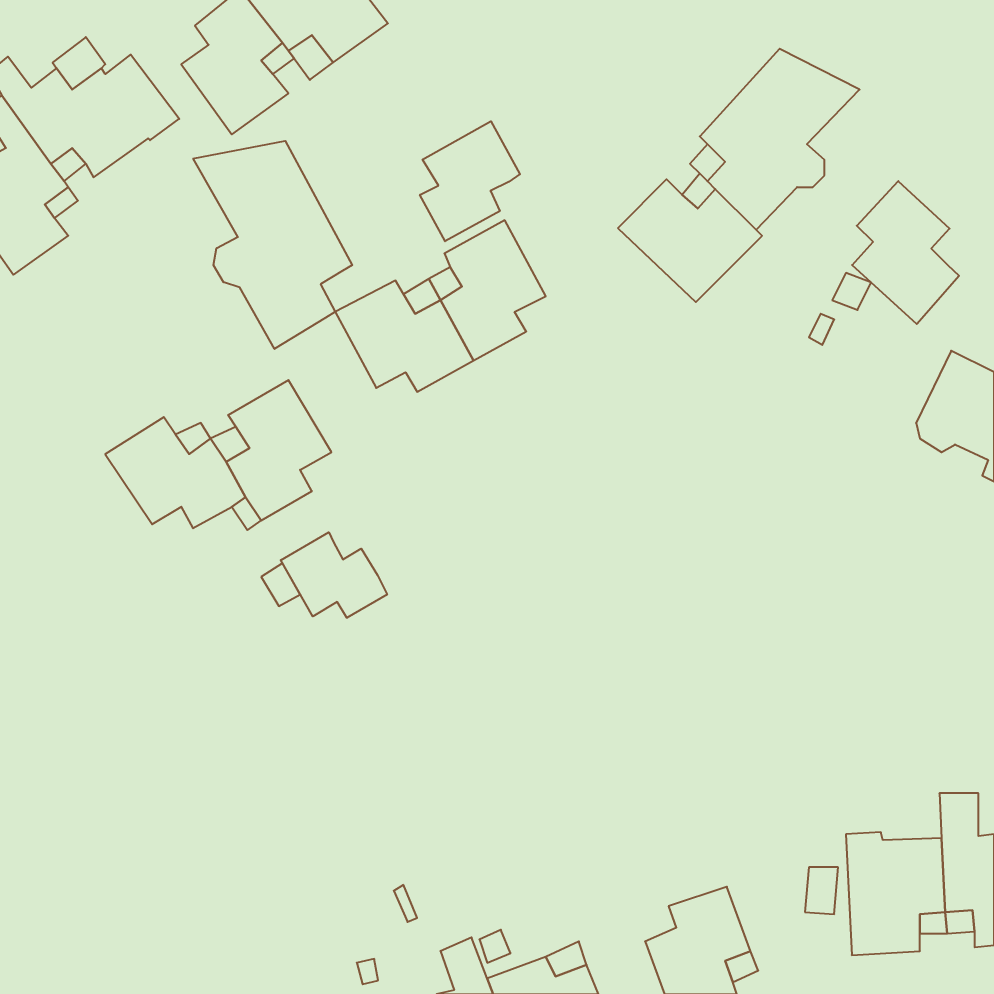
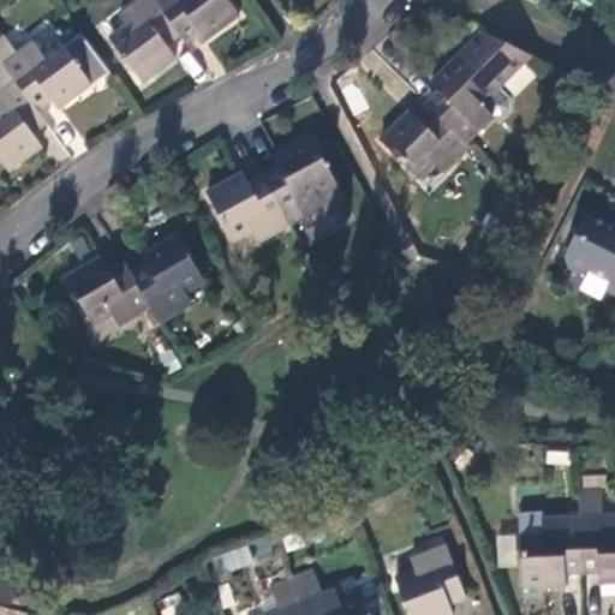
building: [420,121,520,241] -> none
building: [193,141,352,349] -> none
building: [852,181,959,324] -> none
building: [281,532,387,618] -> none

